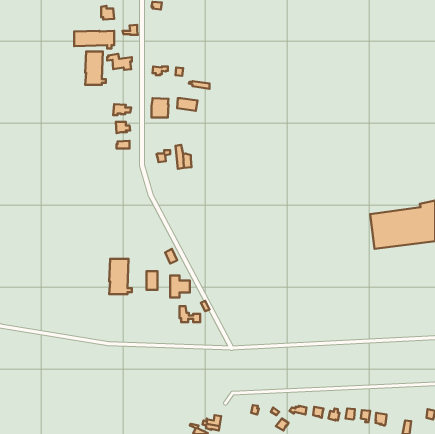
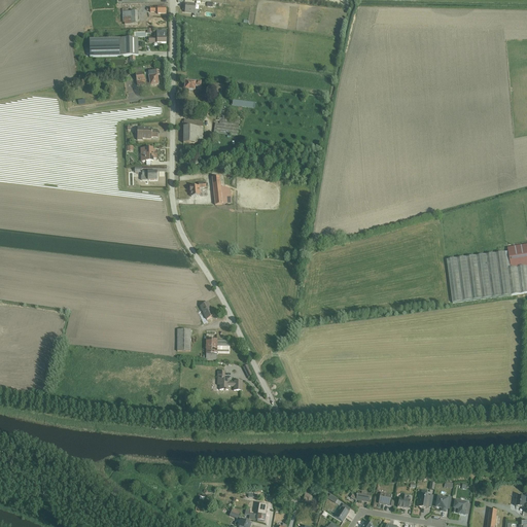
building: [85,52,106,85] -> none
building: [109,259,132,294] -> none

